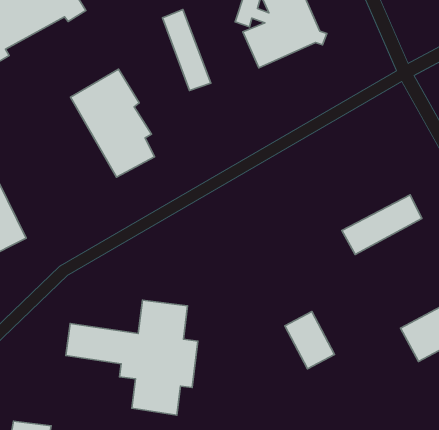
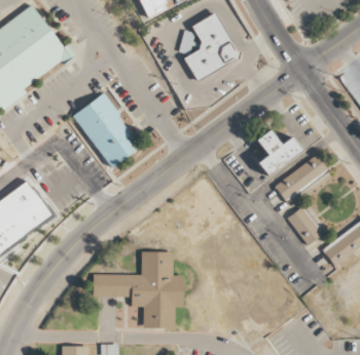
building: [163,10,211,91] -> none
building: none -> [255,128,300,173]
building: [285,312,335,369] -> [286,205,323,245]

